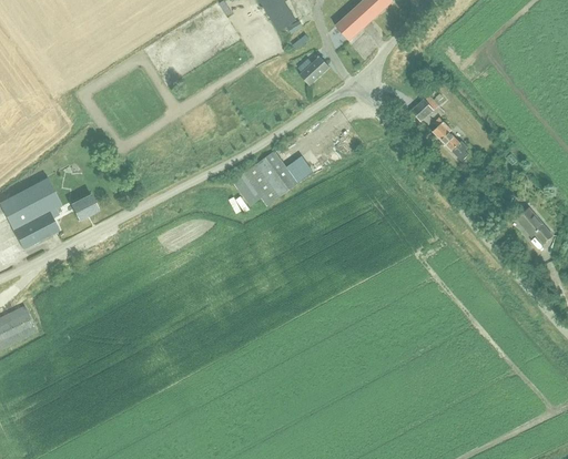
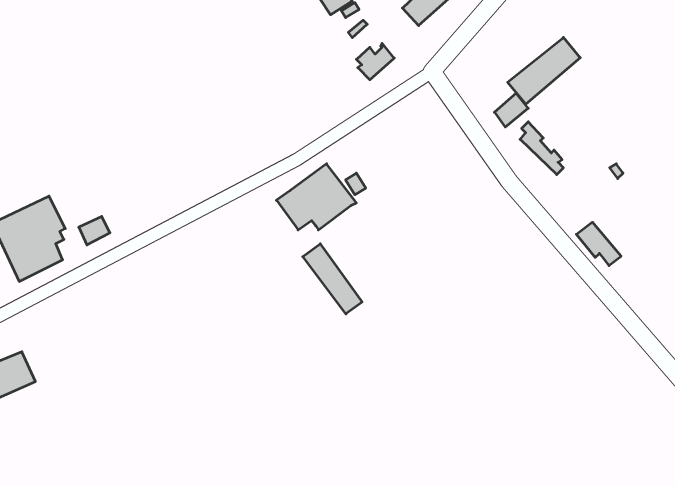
building: none -> [508,37,580,104]
building: [516,207,552,243] -> [576,222,621,266]
building: none -> [303,244,362,314]

